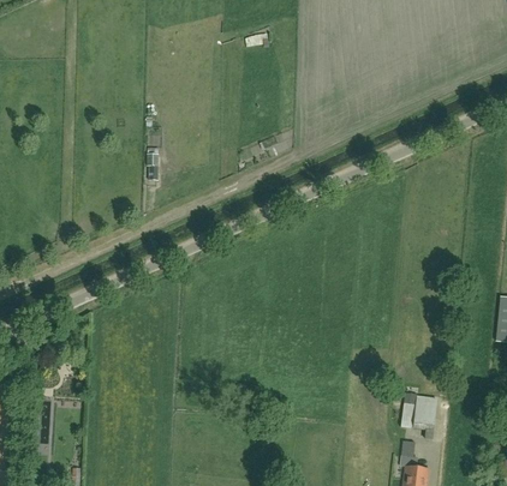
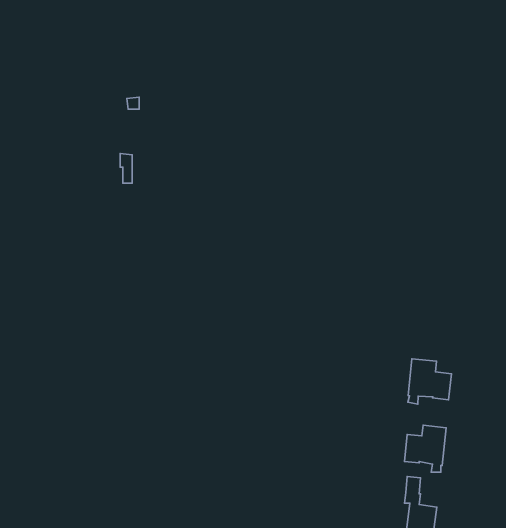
building: none -> [408,359,451,404]

